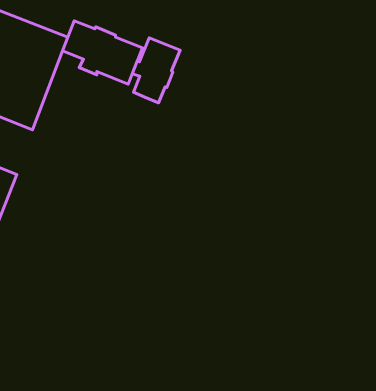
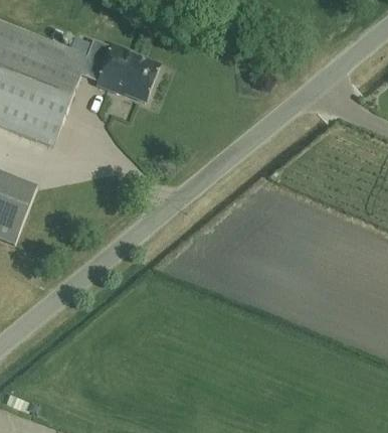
building: [132,38,180,103] -> none

